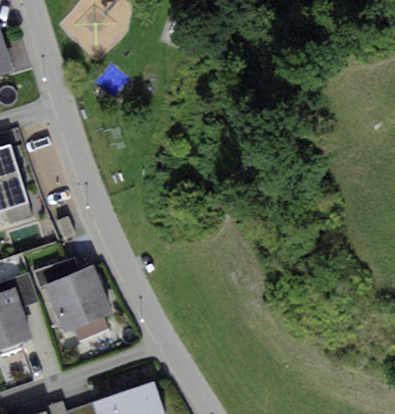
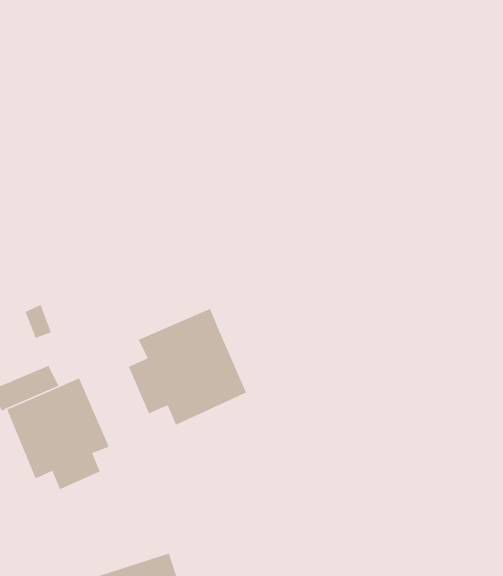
building: none -> [128,308,247,426]

